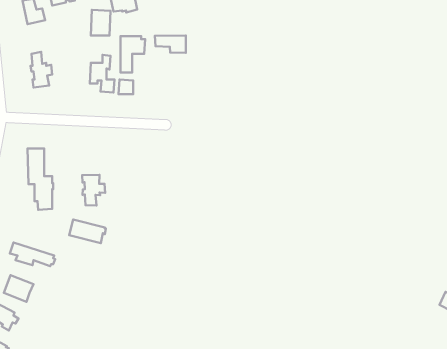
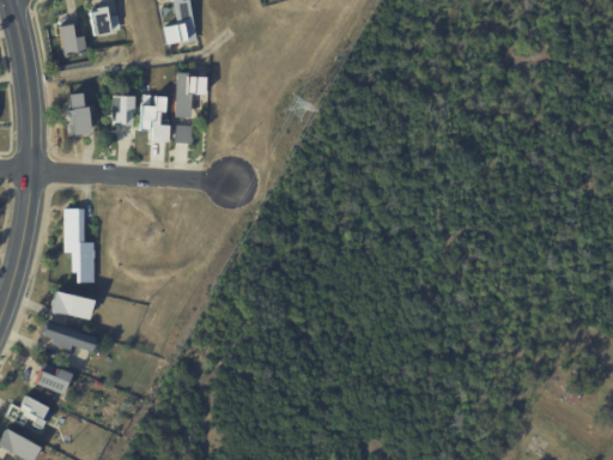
building: [91,10,111,36] -> [110,93,134,125]
building: [155,35,186,53] -> none
building: [82,175,105,206] -> none
building: [69,219,106,243] -> [49,291,93,320]

